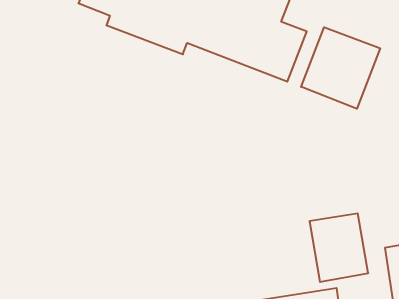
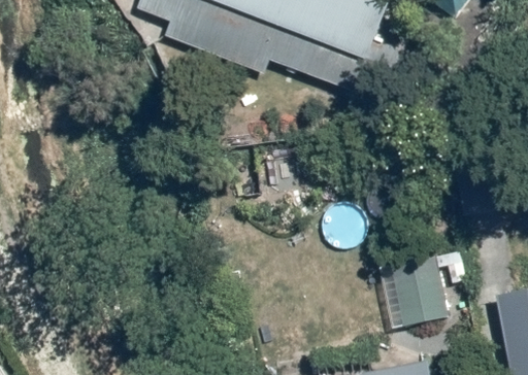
building: [301,27,380,109] -> none

